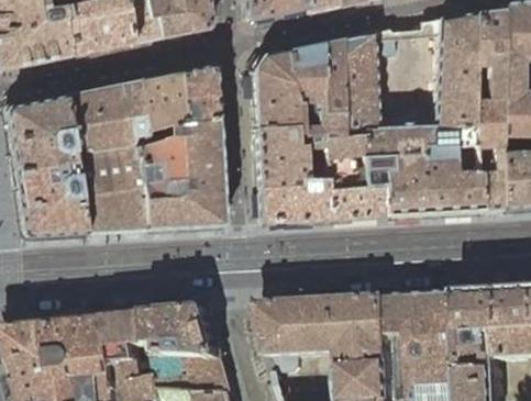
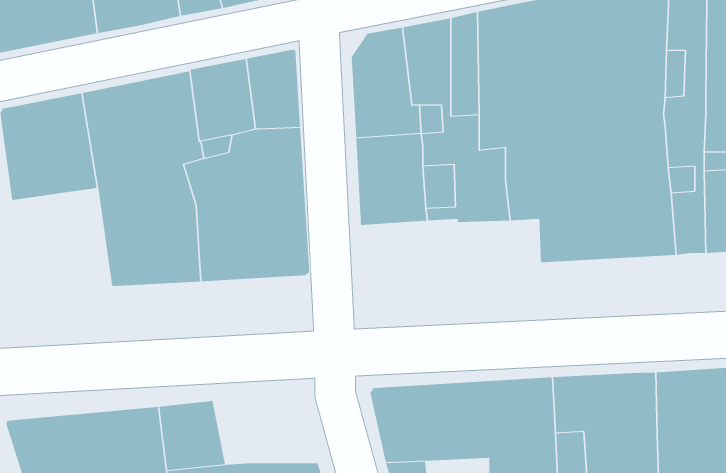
building: [10,163,80,234] -> none
building: [255,185,381,222] -> none
building: [152,307,225,357] -> none

